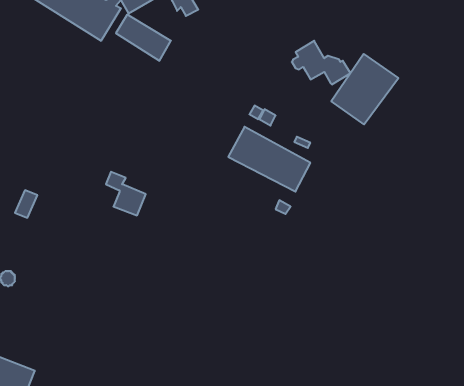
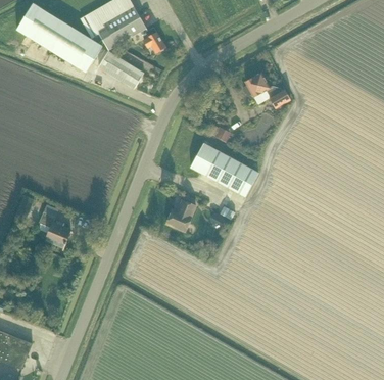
building: [331,54,398,124] -> none
building: [106,172,146,215] -> [39,210,71,246]
building: none -> [165,197,196,231]

